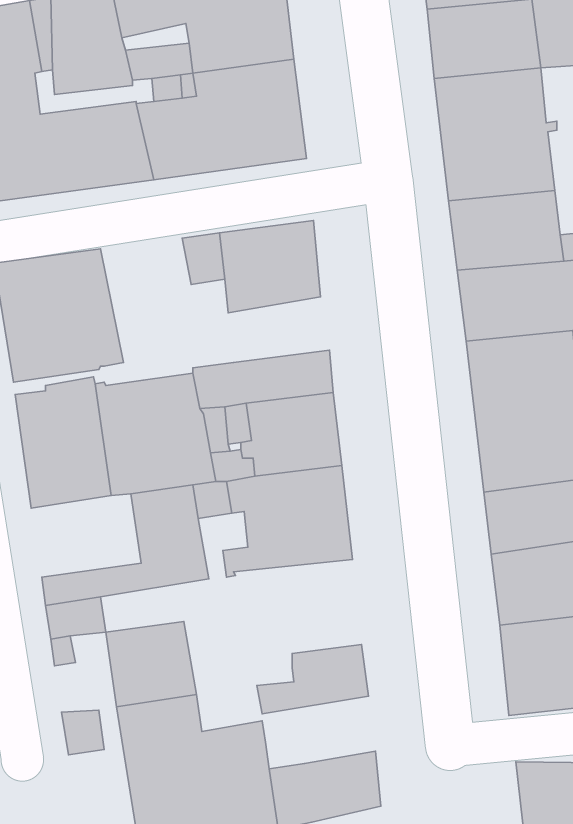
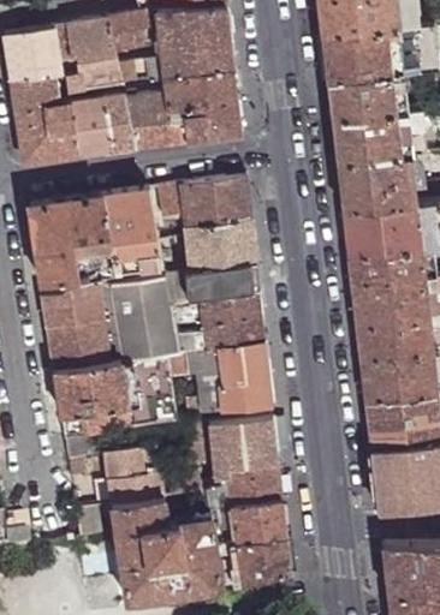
building: none -> [100,187,160,271]
building: none -> [186,227,255,271]
building: none -> [53,360,127,417]
building: none -> [168,416,277,495]
building: none -> [209,497,286,543]

